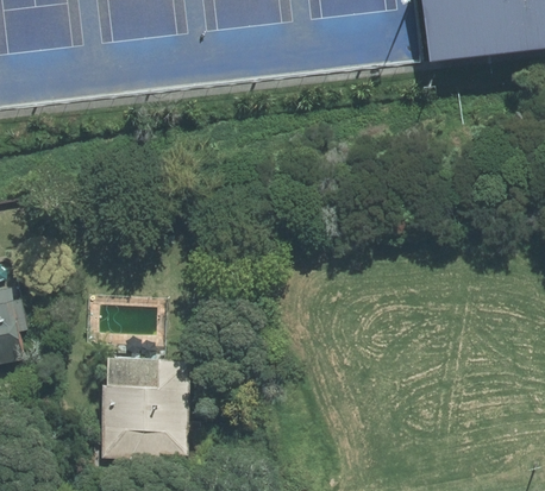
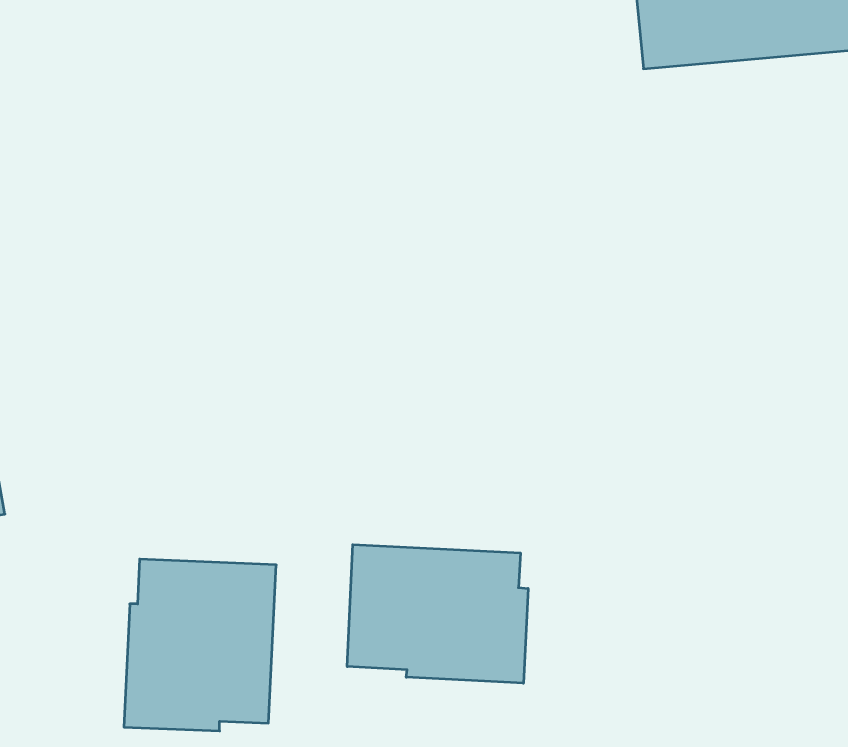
building: none -> [347,545,528,683]

